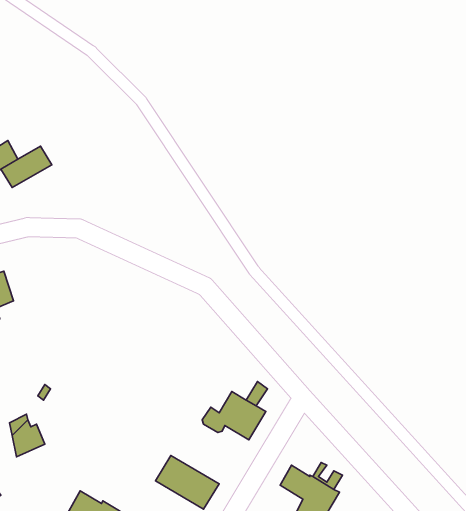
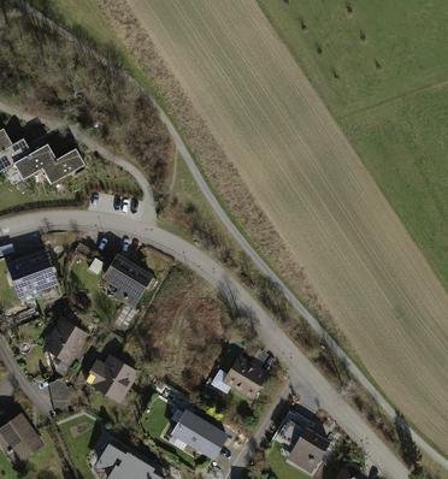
building: none -> [105,256,151,304]
building: none -> [48,323,84,360]
building: none -> [84,360,134,397]

